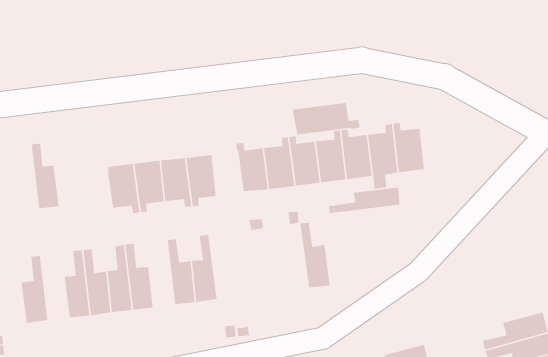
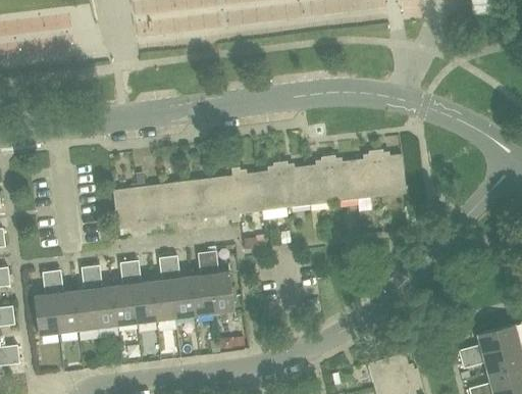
building: [292,102,360,136] -> none
building: [31,143,60,209] -> [52,270,79,332]
building: none -> [210,176,241,223]
building: [328,187,400,214] -> none
building: [300,222,331,288] -> [207,251,236,312]
building: none -> [152,257,175,321]

